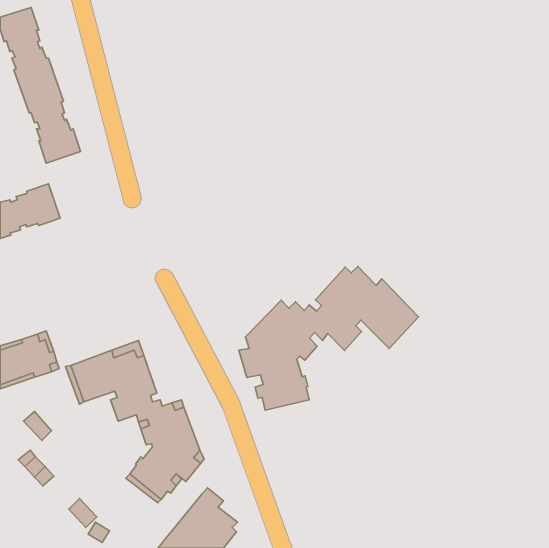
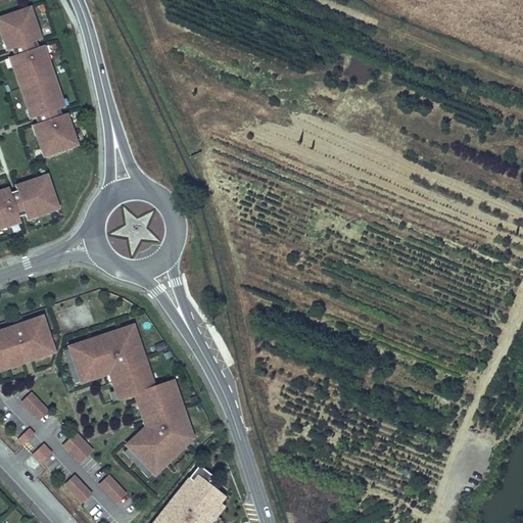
building: [239,267,419,410] -> none
building: none -> [63,431,94,463]
building: none -> [99,473,127,502]

